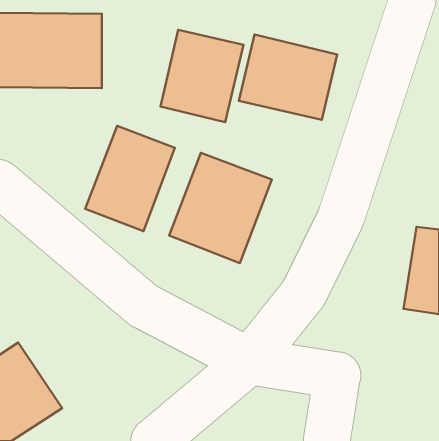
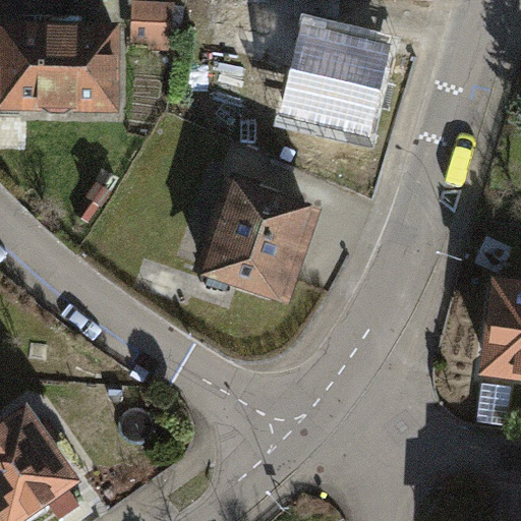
building: [160,30,243,122] -> none
building: [85,126,175,231] -> none

